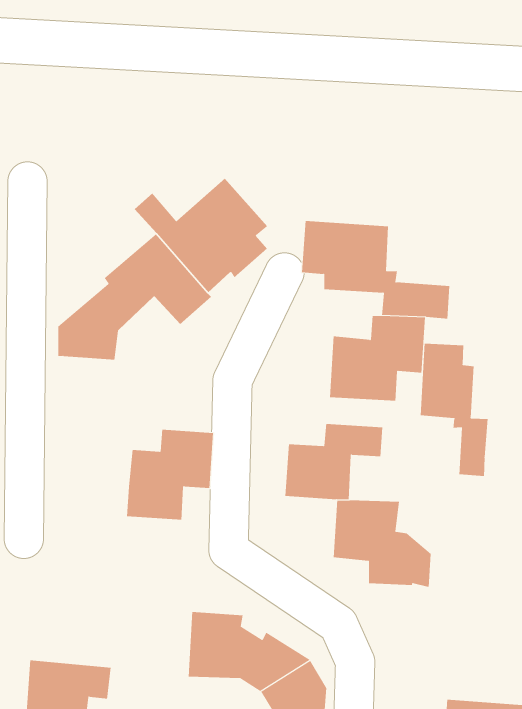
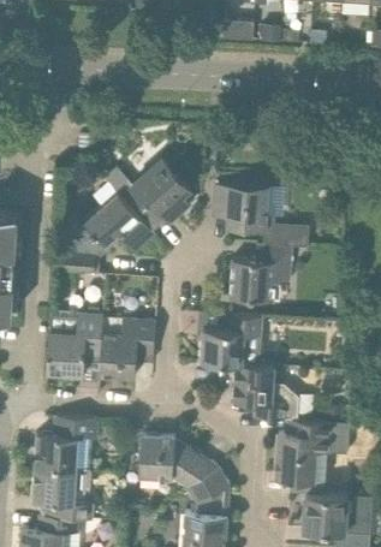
building: [420,343,488,477] -> none
building: none -> [47,311,103,376]
building: none -> [36,418,95,474]
building: none -> [274,422,349,482]

